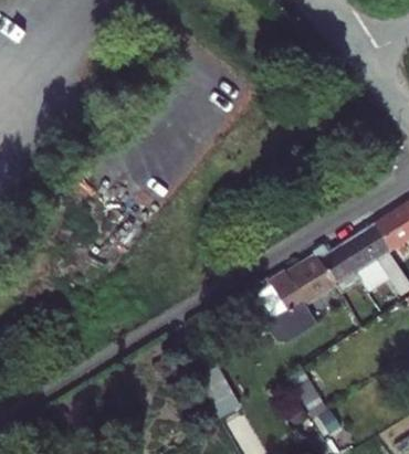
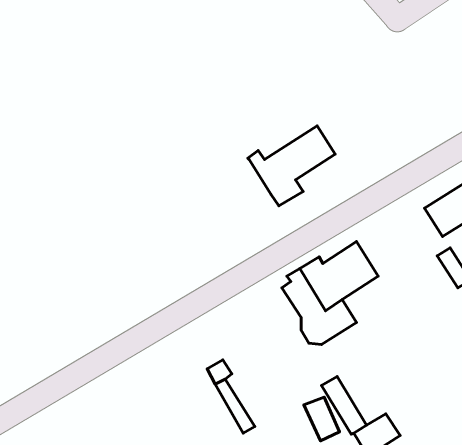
building: [314,224,389,293] -> [248,126,335,206]

